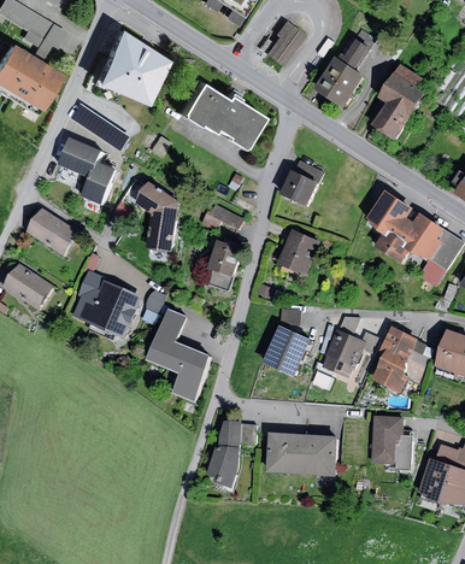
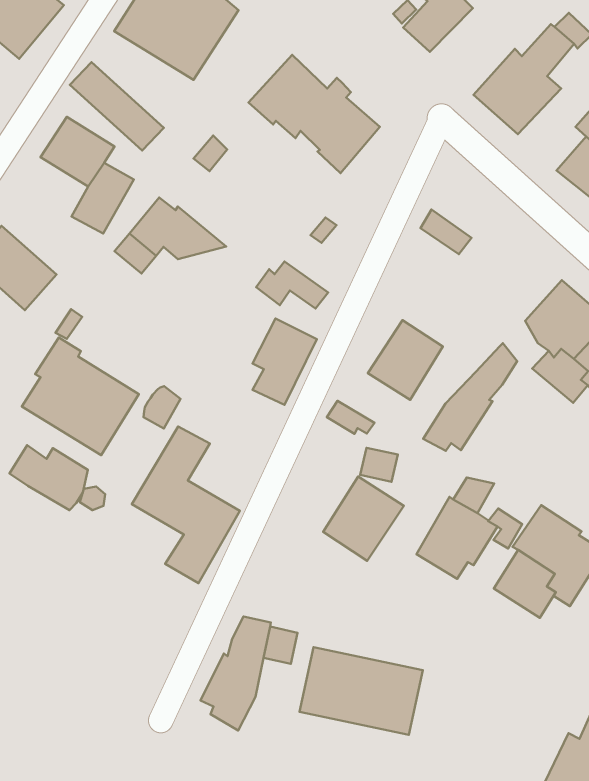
building: [282,171,319,206] -> none
building: [147,200,179,249] -> none
building: none -> [423,343,517,451]
building: none -> [10,445,88,510]
building: [371,415,412,469] -> none

